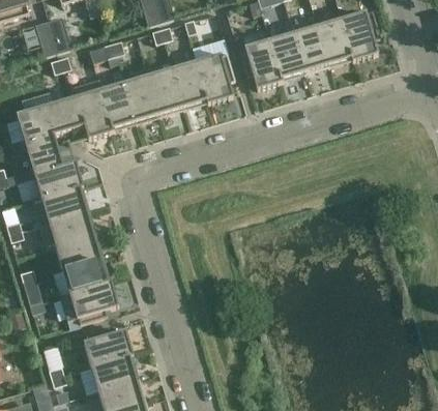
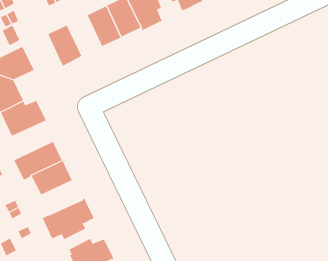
building: [124,75,159,122] -> none
building: [70,79,112,138] -> none
building: [31,185,89,224] -> none
building: [62,257,108,292] -> none

